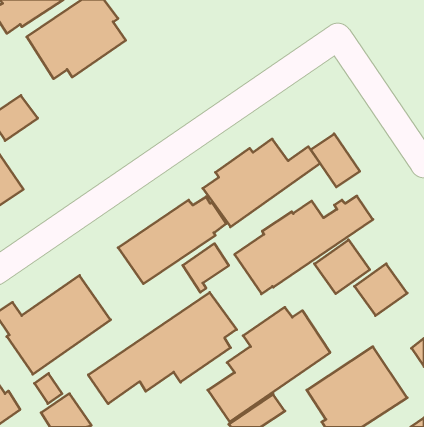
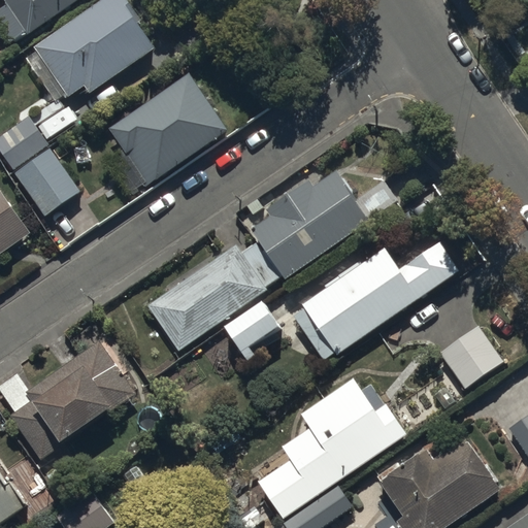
building: none -> [107,73,227,186]
building: none -> [11,147,79,218]
building: [311,134,360,187] -> none
building: [314,240,370,294] -> none
building: [88,292,237,404] -> none

